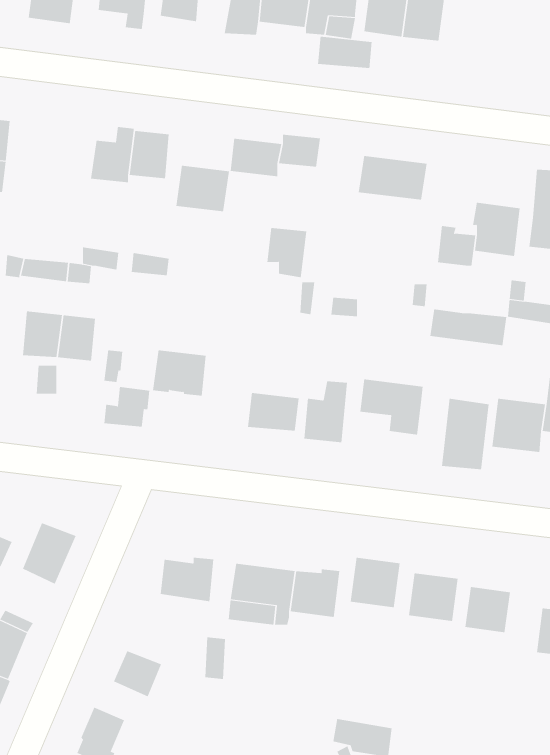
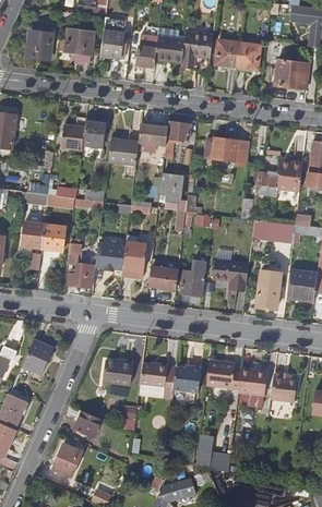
building: none -> [274,60,308,89]
building: [318,36,372,69] -> none
building: none -> [122,242,146,278]

